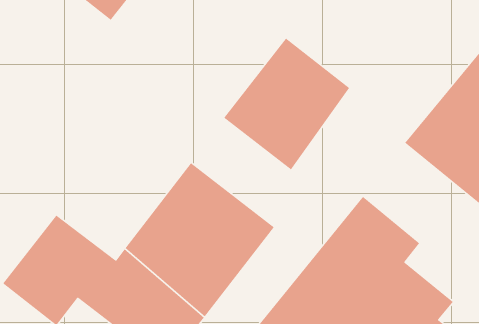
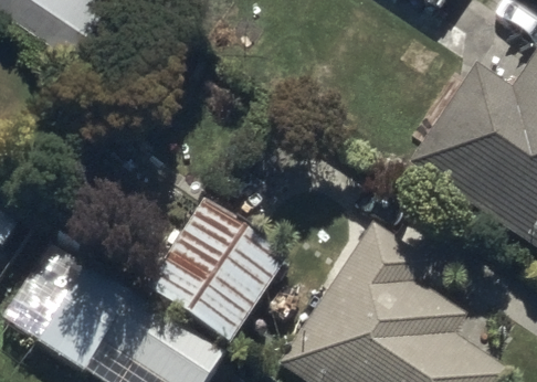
building: [223,38,350,170] -> none

